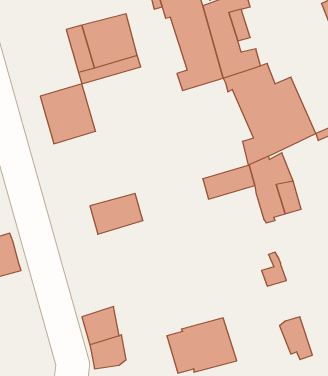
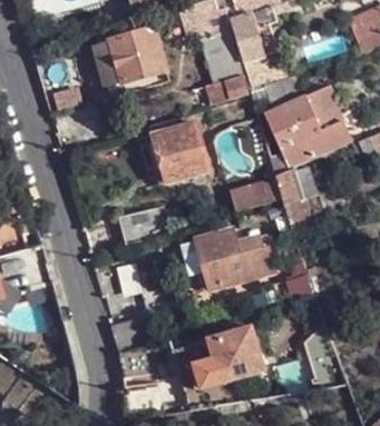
building: [40,84,96,144] -> [155,122,210,181]
building: none -> [198,230,274,288]

